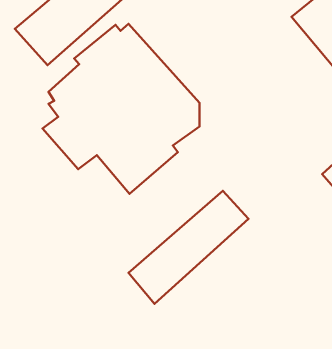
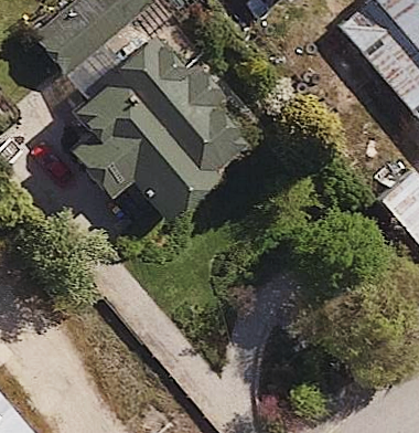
building: [129,191,249,304] -> none

